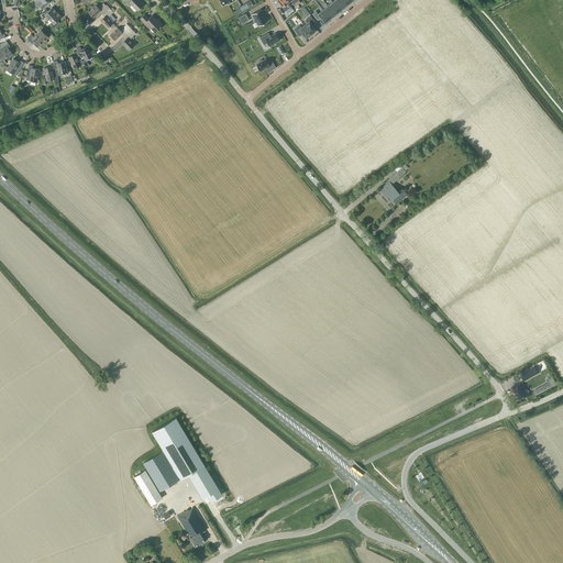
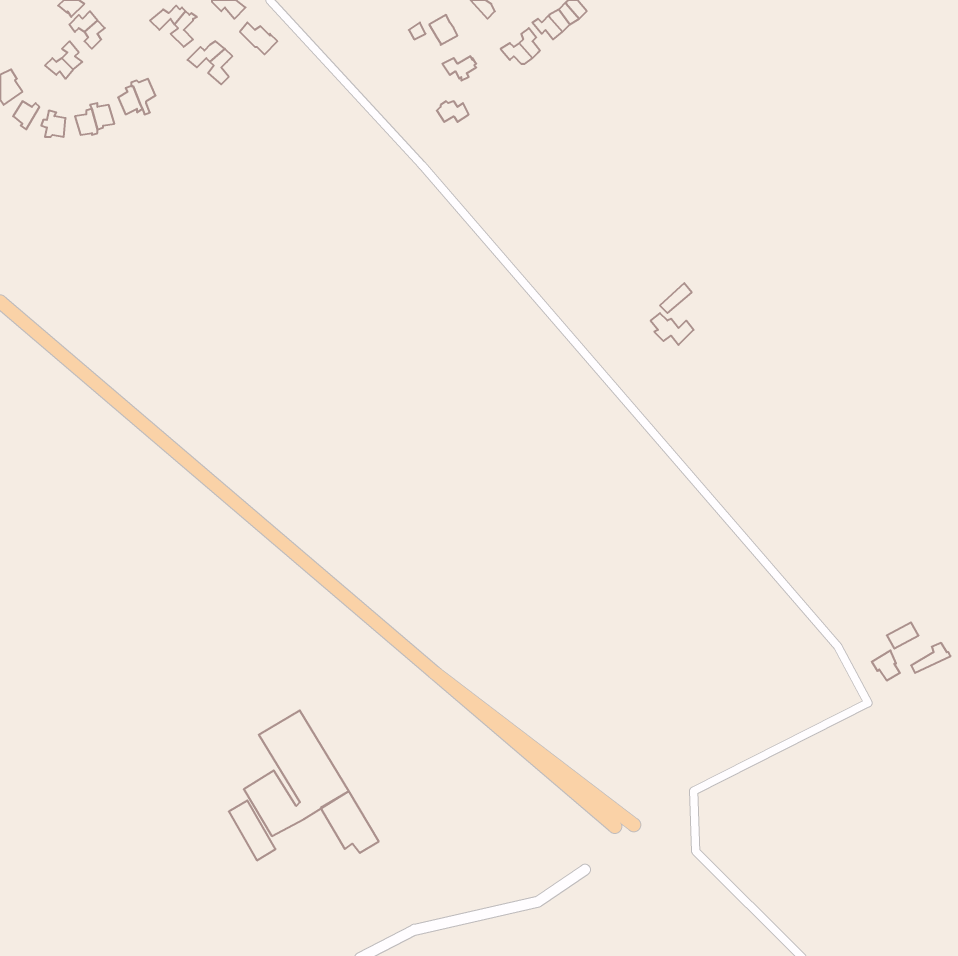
building: [177,509,206,548] -> none

